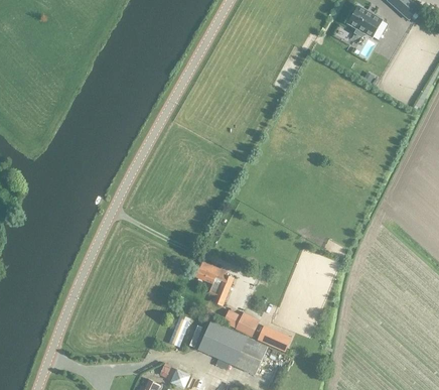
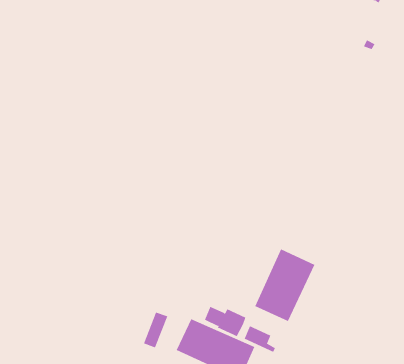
building: none -> [254,249,315,322]
building: [194,261,233,305] -> none

